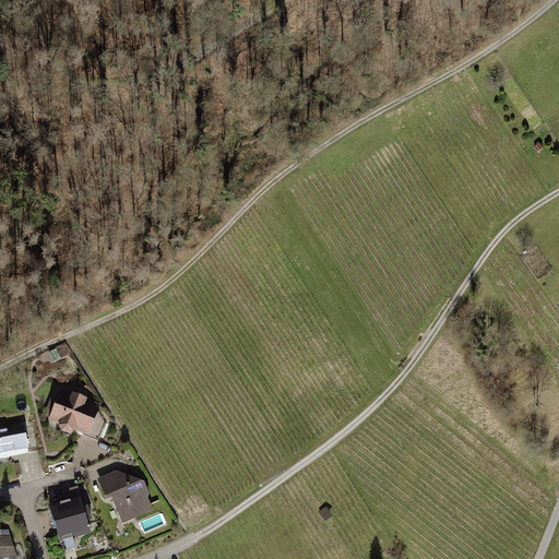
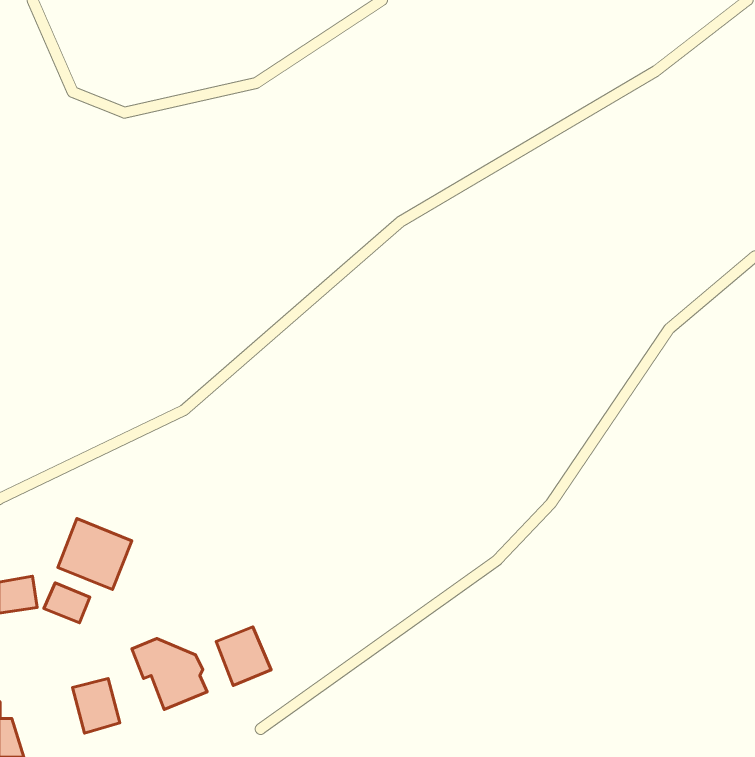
building: none -> [44,583,90,623]
building: none -> [216,627,271,686]

